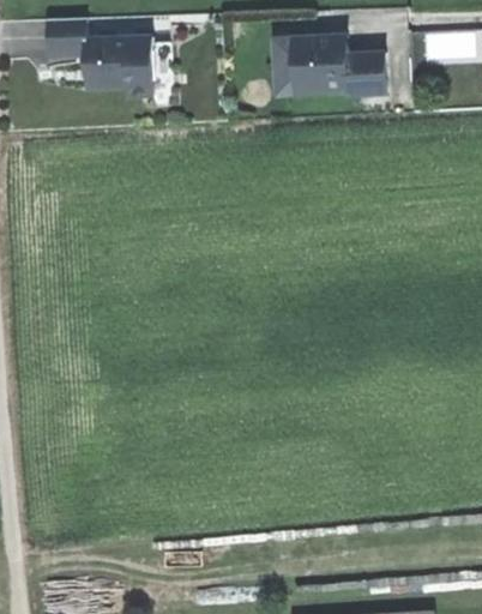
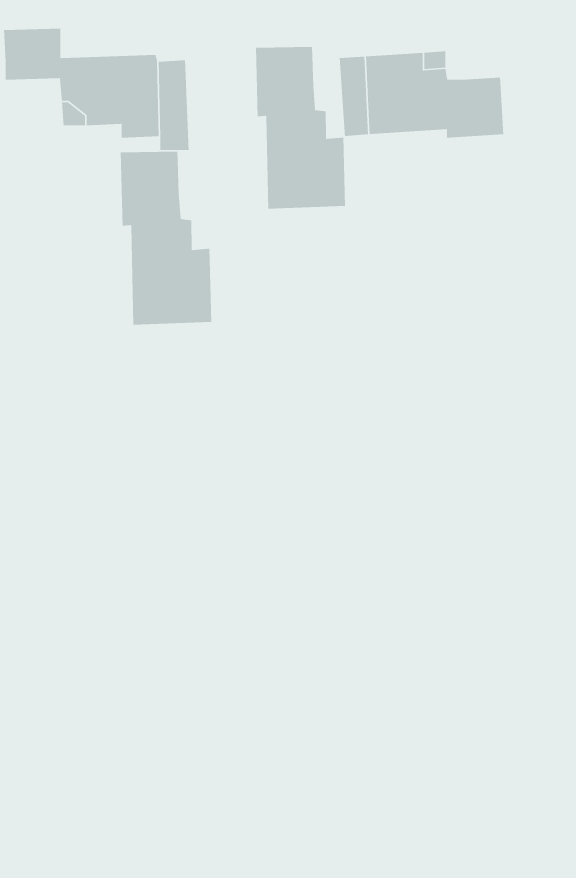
building: none -> [255,46,346,210]
building: none -> [120,151,212,326]

